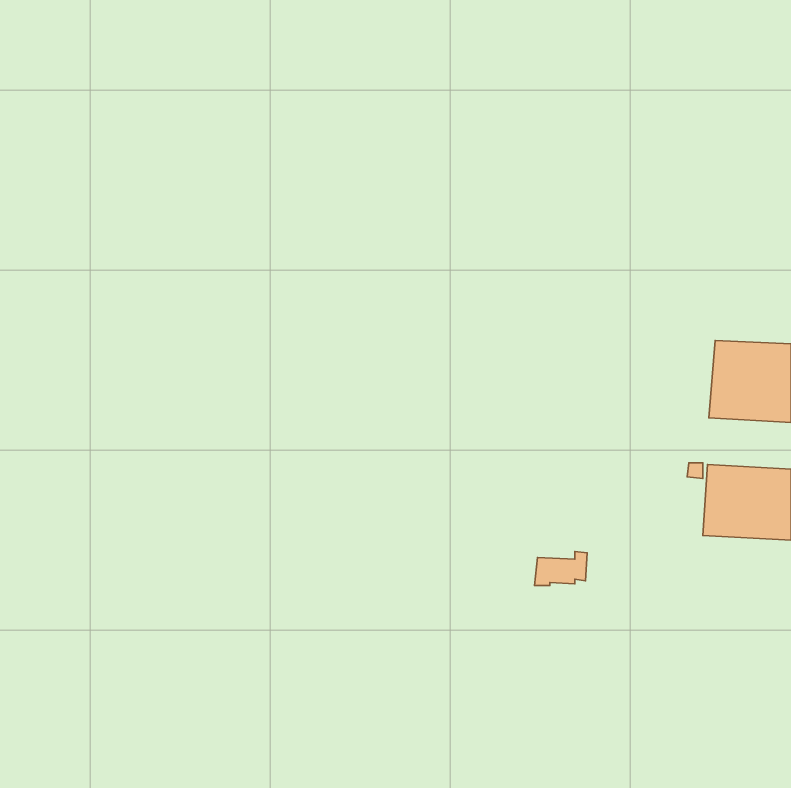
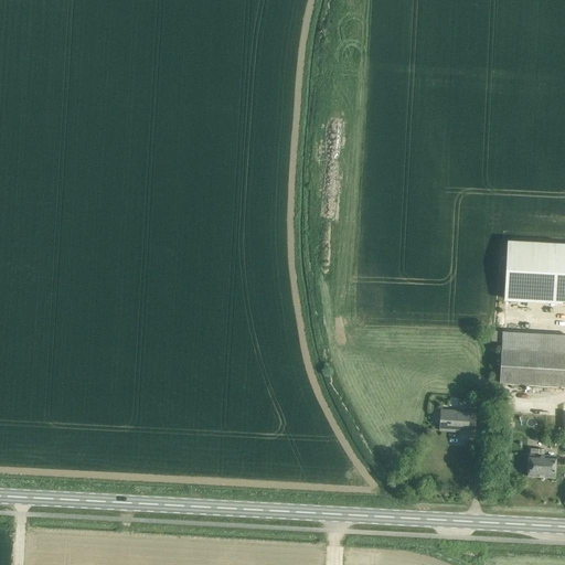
building: [534,551,587,585] -> [439,405,477,429]
building: none -> [529,447,555,477]

